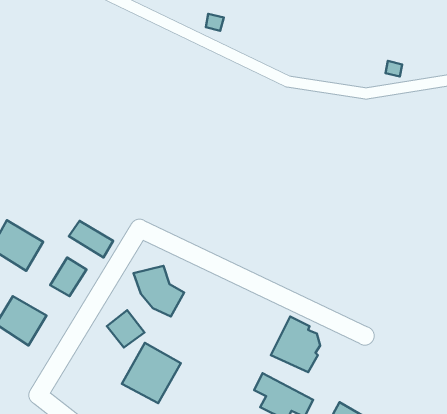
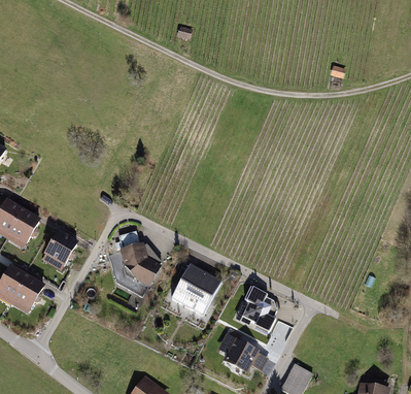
building: [69,221,113,257] -> none
building: [107,310,144,348] -> none
building: [122,343,181,403] -> [169,263,219,315]

